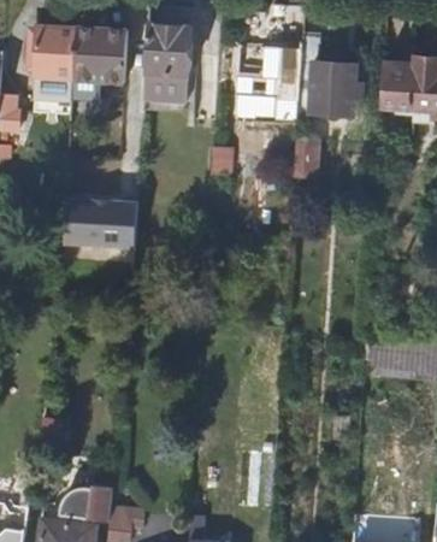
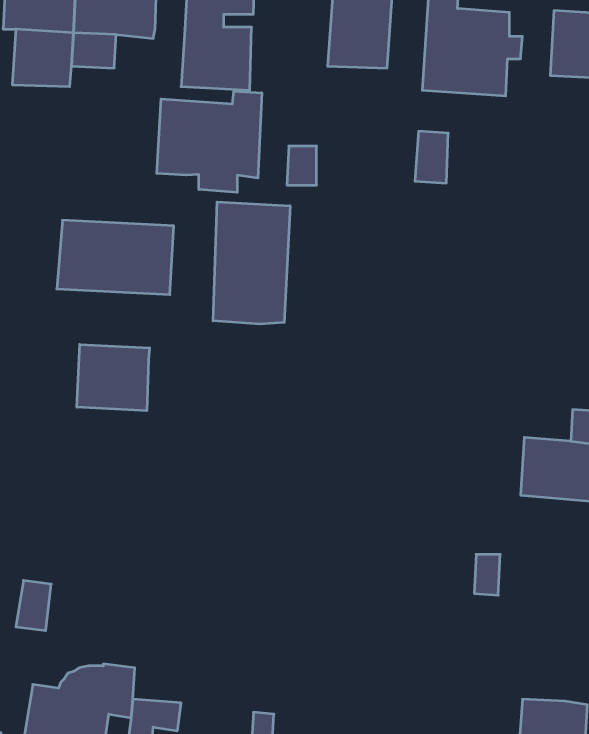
building: none -> [157,91,262,192]
building: none -> [213,202,290,324]
building: none -> [77,344,150,411]

